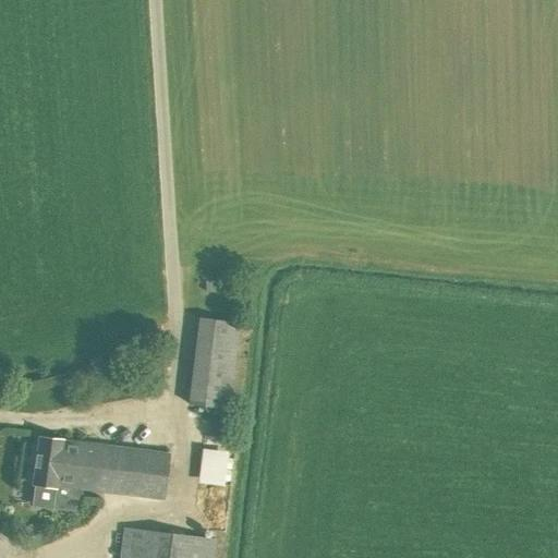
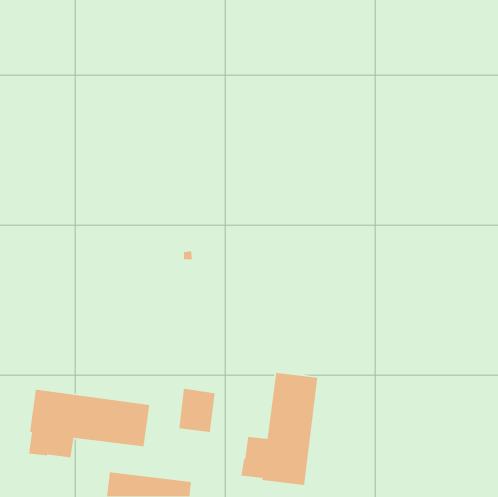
building: [189,317,240,408] -> none
building: none -> [241,372,318,486]

